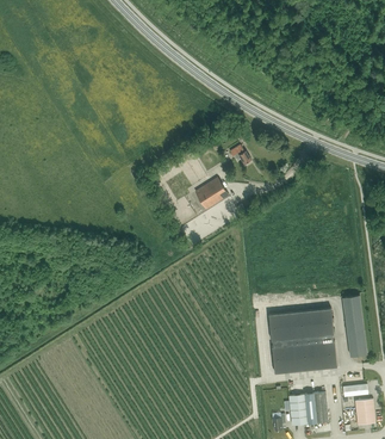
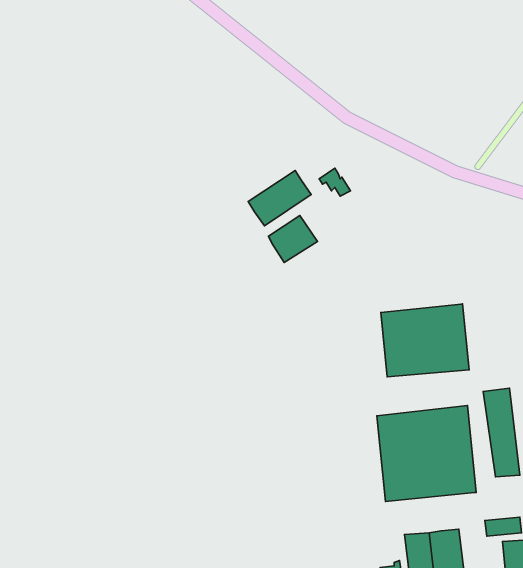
building: none -> [248,170,311,226]
building: none -> [381,304,469,377]

